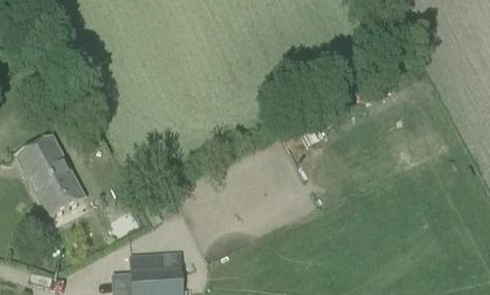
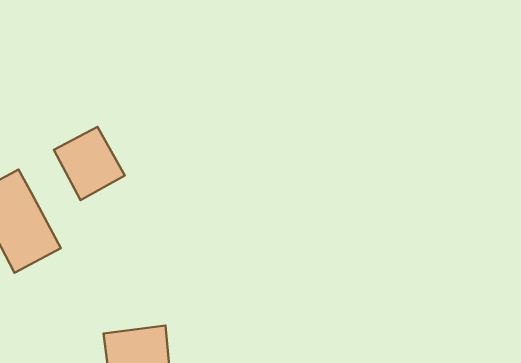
building: none -> [54,127,125,200]

